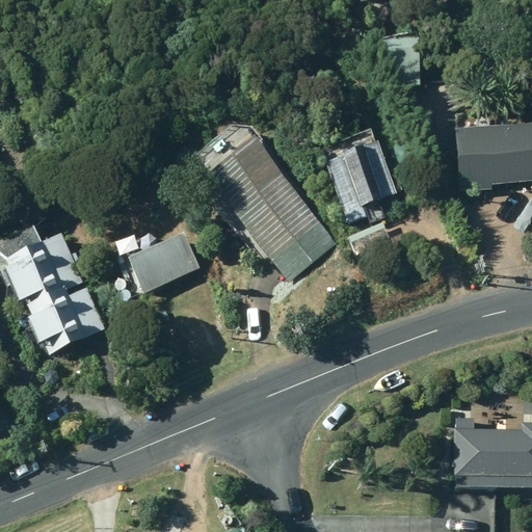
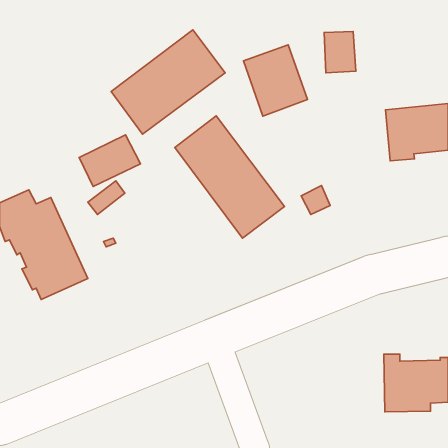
building: none -> [111,30,225,134]
building: [325,139,401,223] -> [244,45,308,116]
building: [128,232,201,293] -> [79,135,141,187]

